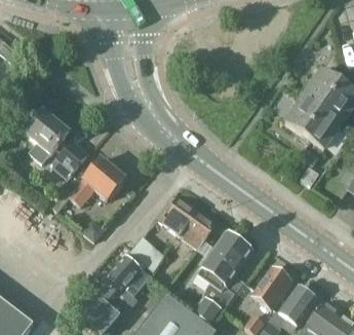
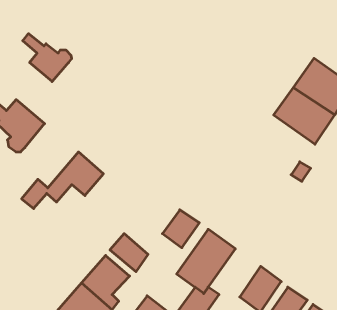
building: none -> [23,34,72,82]
building: [54,139,86,171] -> none
building: [155,193,195,233] -> none

